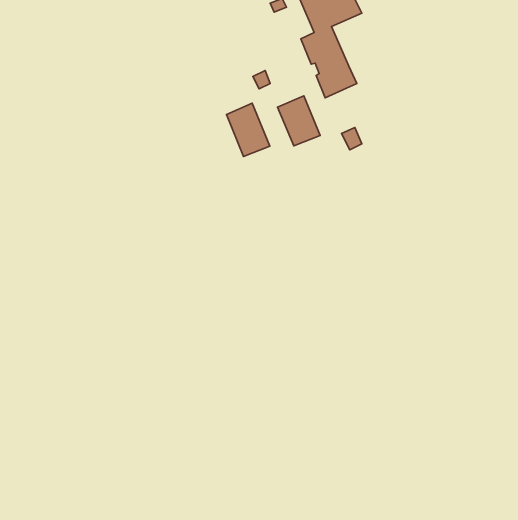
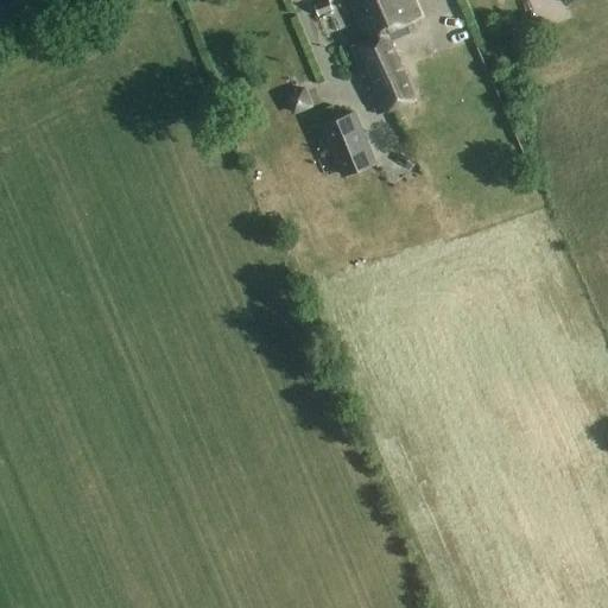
building: [227,103,270,157] -> none

